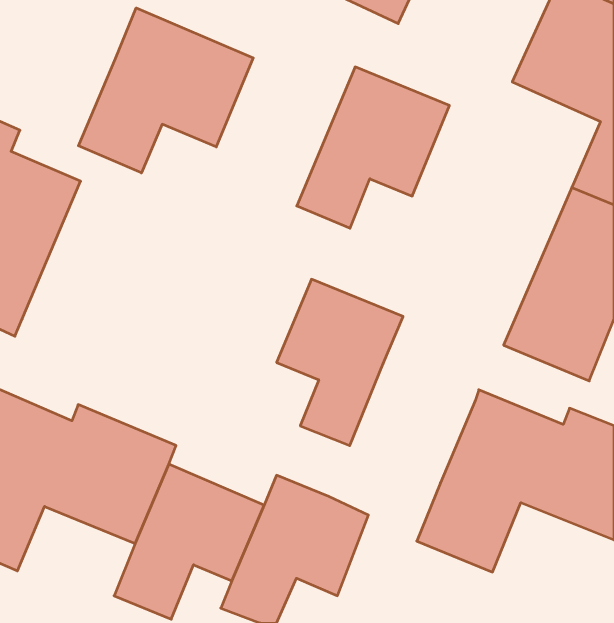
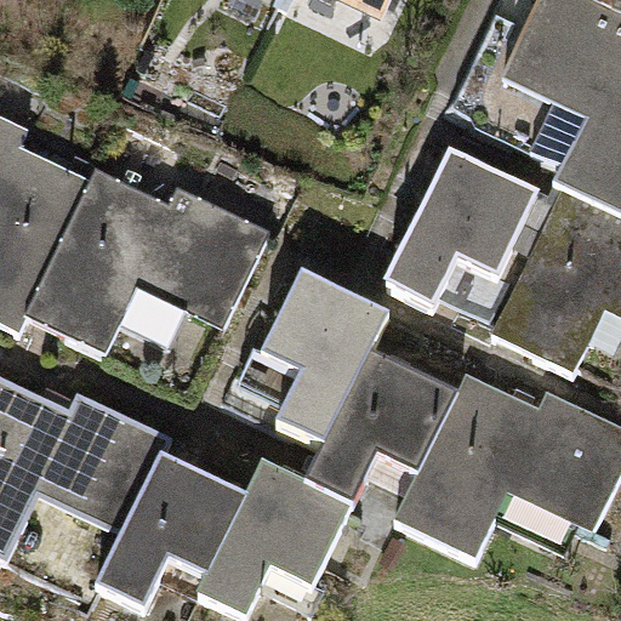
building: [78,8,253,173] -> none
building: [297,67,449,228] -> [394,152,543,309]
building: none -> [22,177,262,349]
building: none -> [321,355,465,503]

